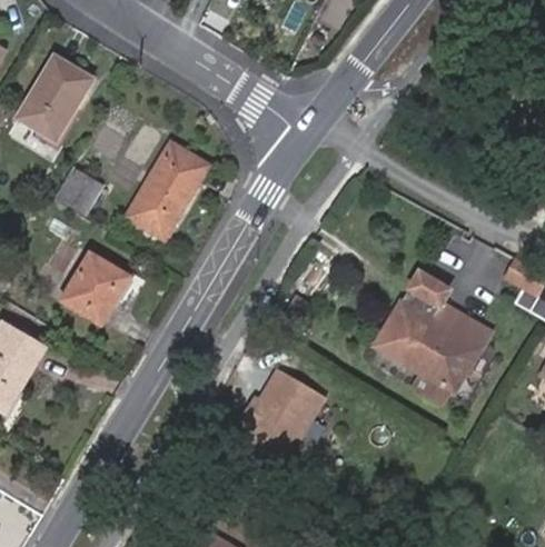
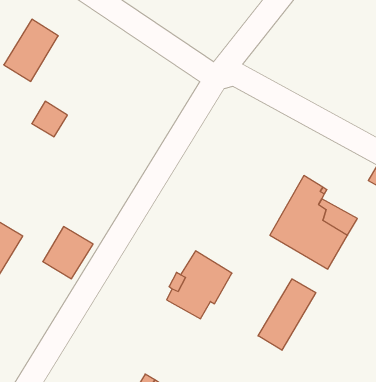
building: [125,143,208,240] -> none
building: [61,253,129,324] -> [43,227,93,279]
building: none -> [258,279,316,350]

